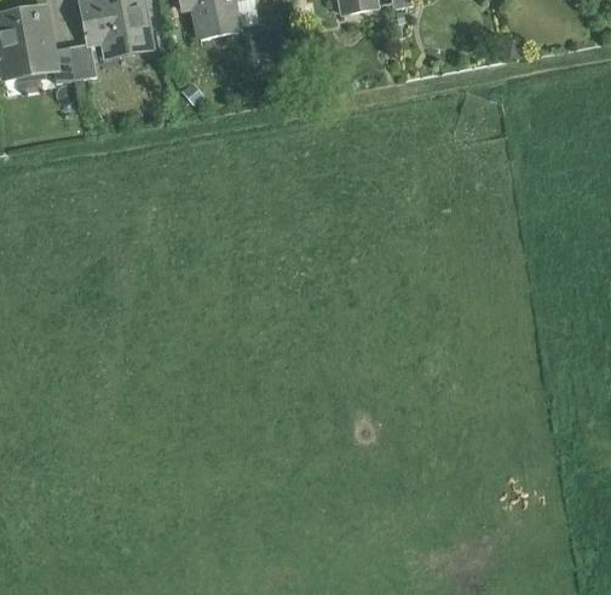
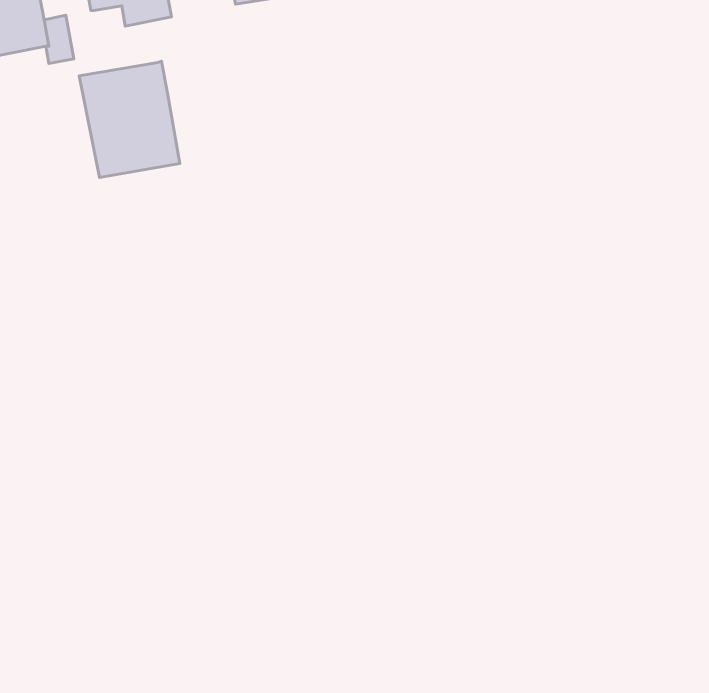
building: [69,42,97,80] -> none
building: none -> [79,61,180,177]

